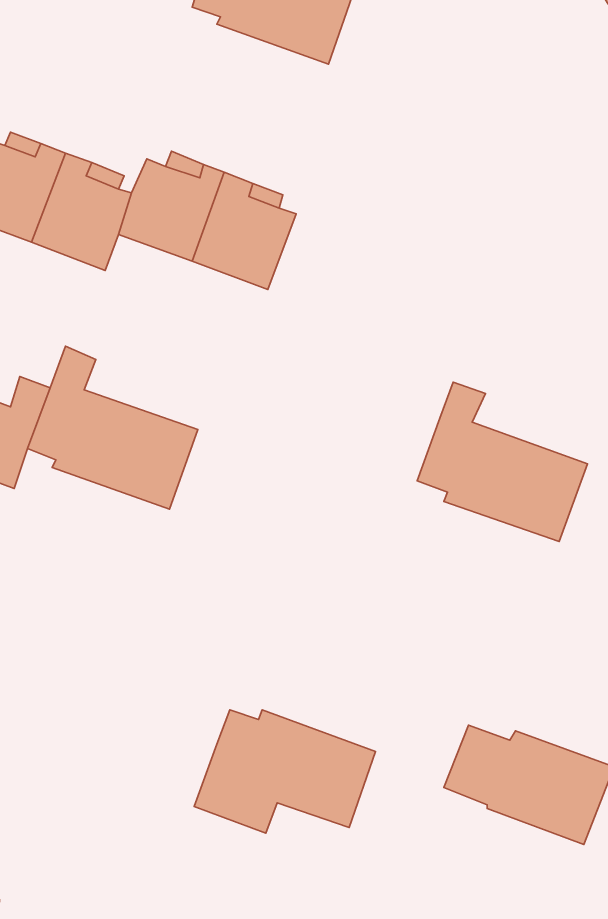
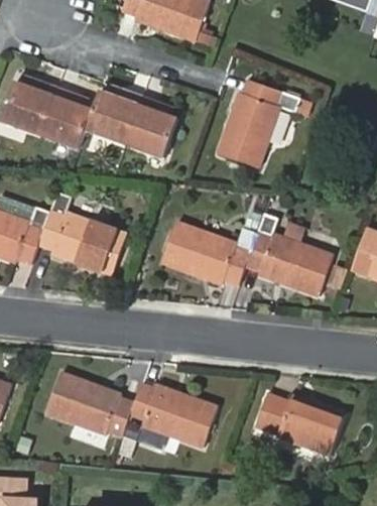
building: none -> [218,88,302,175]
building: none -> [157,219,254,283]
building: none -> [47,372,135,435]

